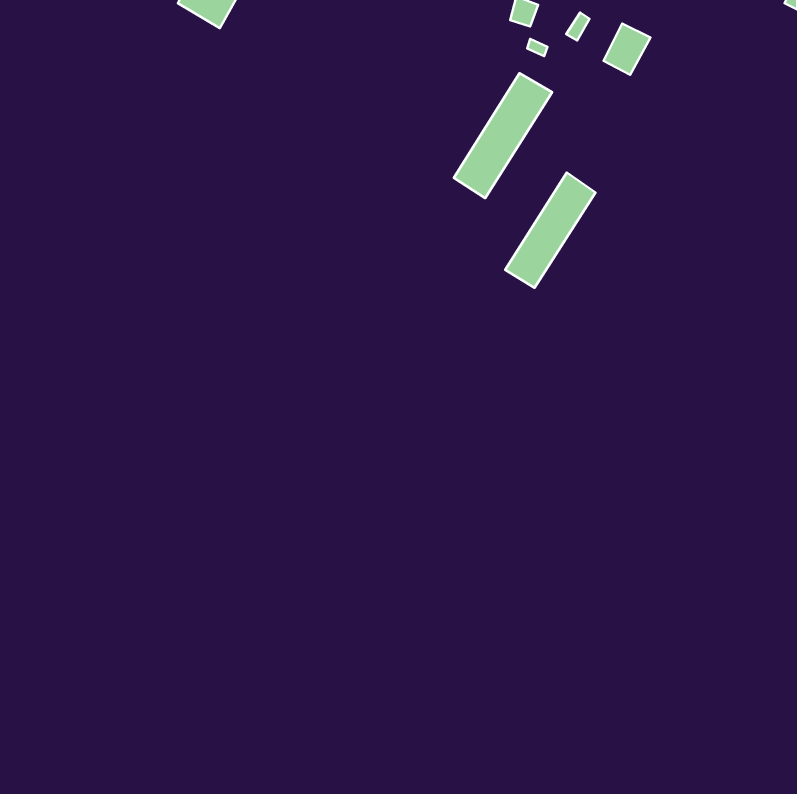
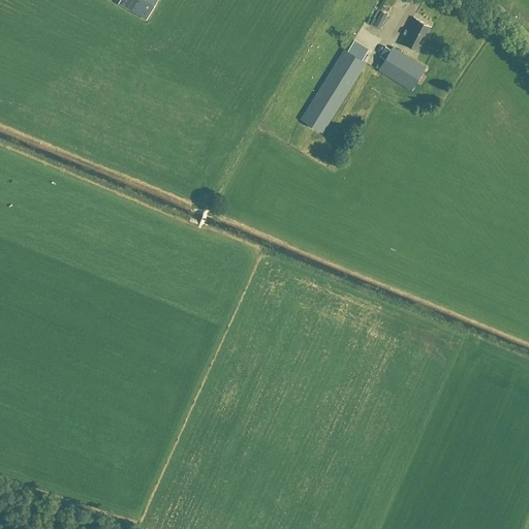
building: none -> [378,45,425,90]
building: [505,172,595,288] -> none

